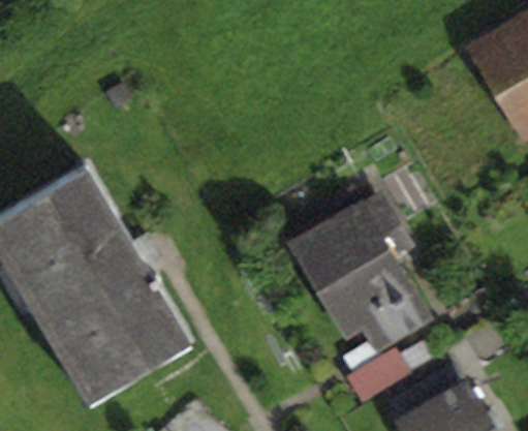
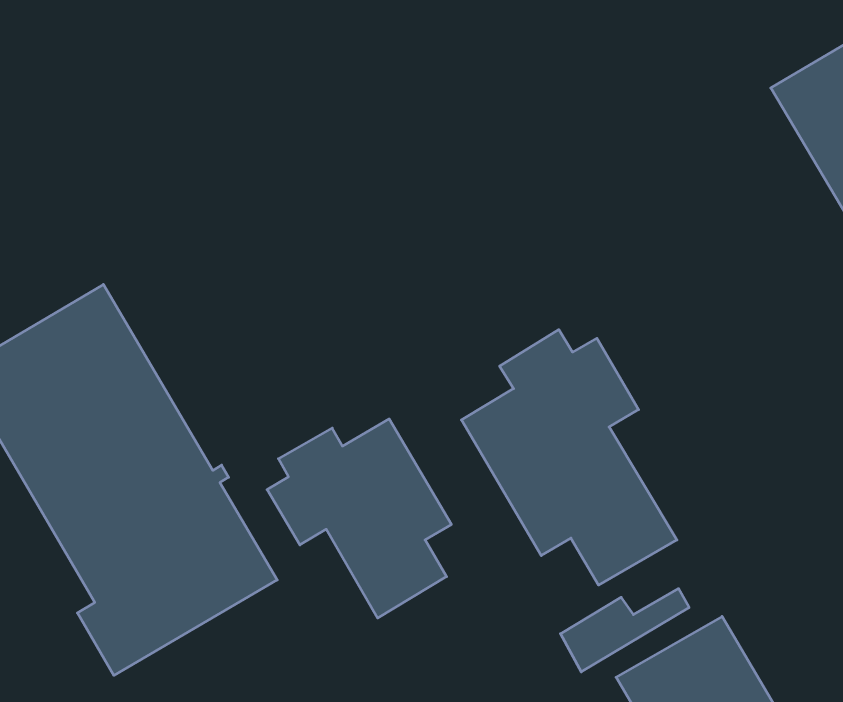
building: none -> [267,419,451,618]

